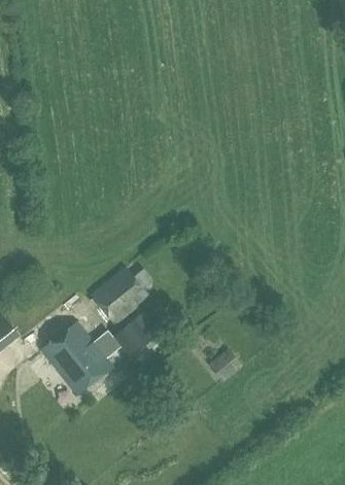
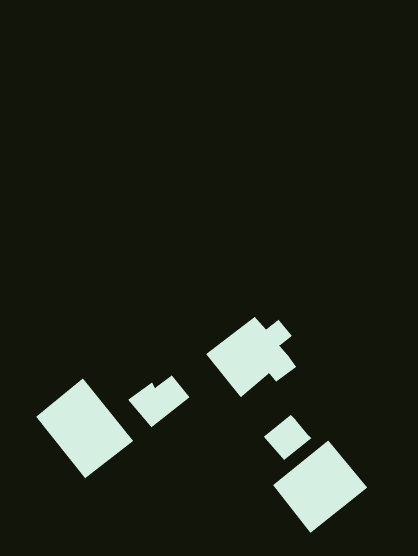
building: [90,266,157,325] -> [205,316,297,398]
building: none -> [272,439,368,534]

